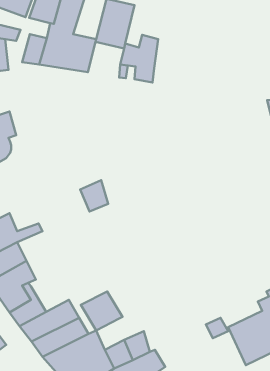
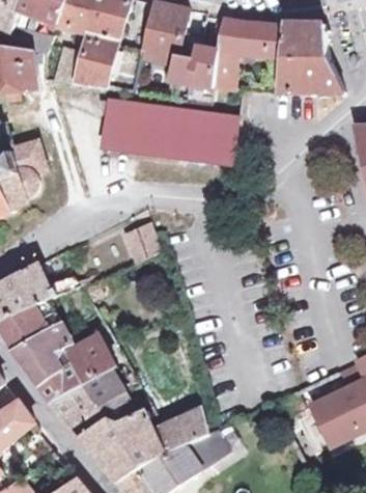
building: none -> [214,19,269,89]
building: none -> [277,24,344,92]
building: none -> [102,100,236,164]
building: [81,291,123,330] -> [63,336,114,384]

